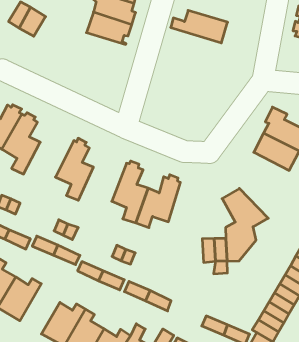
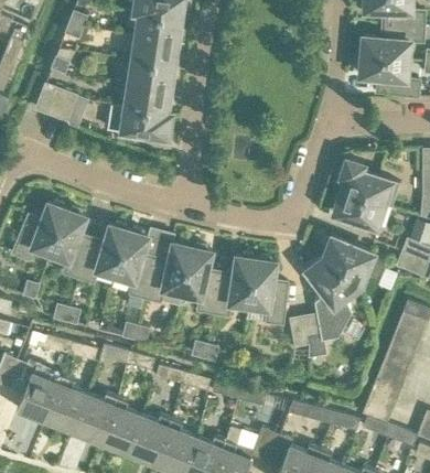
building: [171,10,228,43] -> [107,107,170,138]
building: none -> [77,223,128,282]
building: none -> [143,240,191,305]
building: none -> [322,236,373,284]
building: none -> [248,256,286,323]
building: none -> [98,397,140,453]

